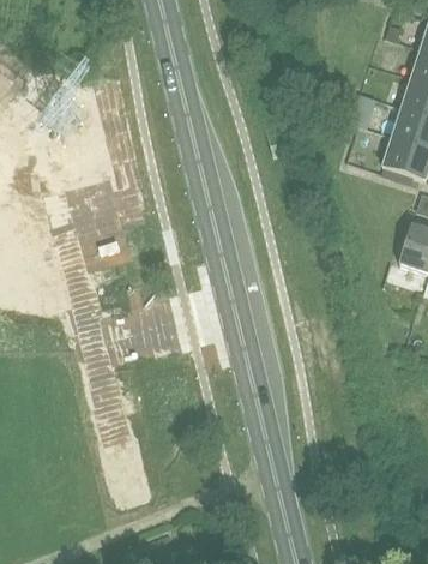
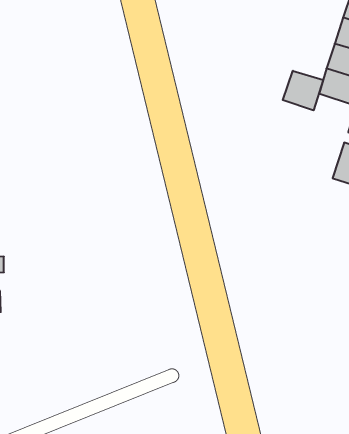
building: none -> [283,71,323,110]

